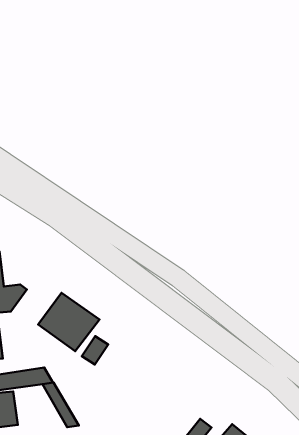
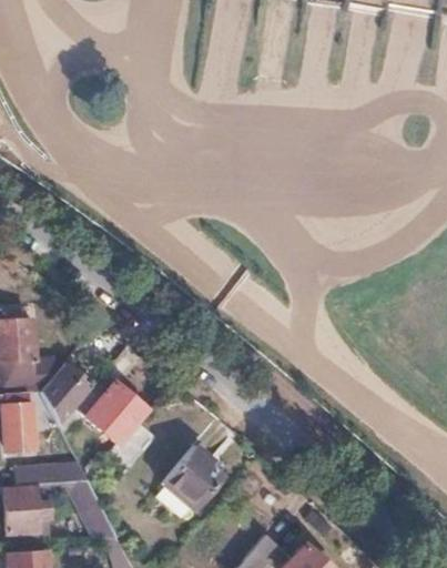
building: none -> [42,362,82,426]
building: none -> [160,445,219,510]

